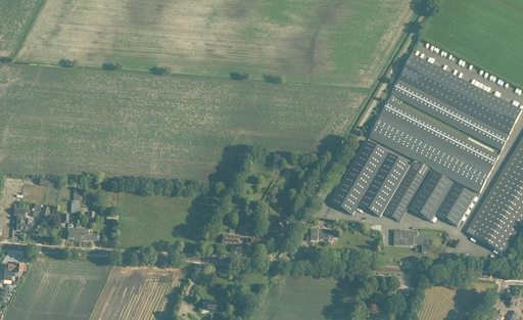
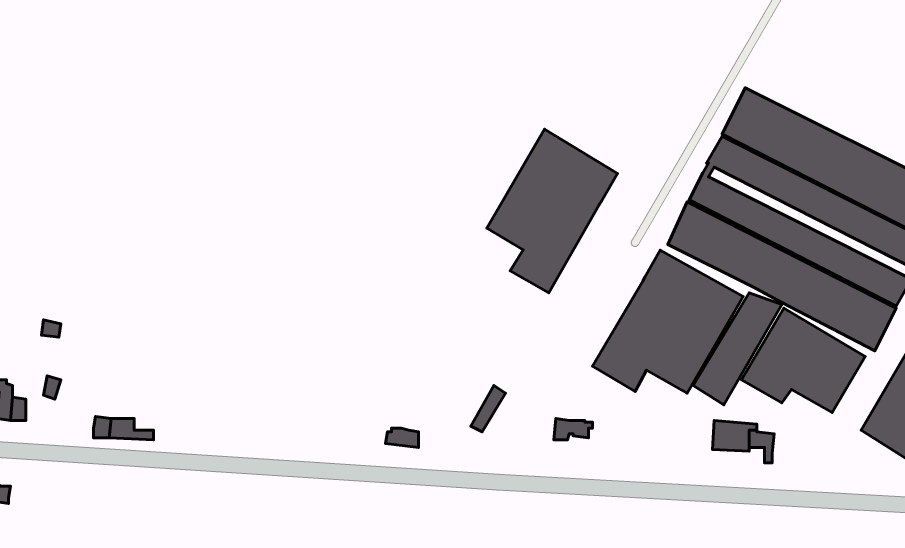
building: none -> [487,129,618,293]

